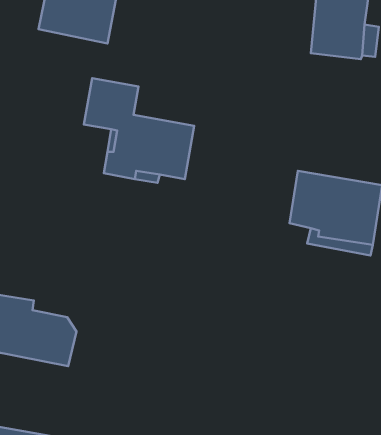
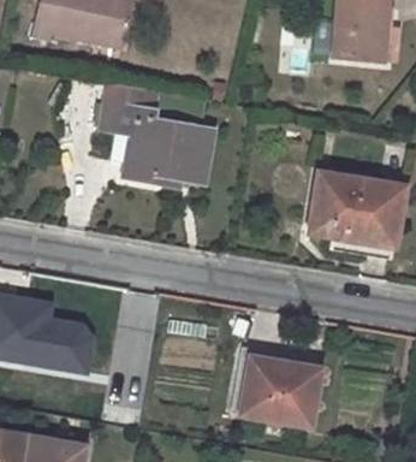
building: none -> [238,356,317,425]

